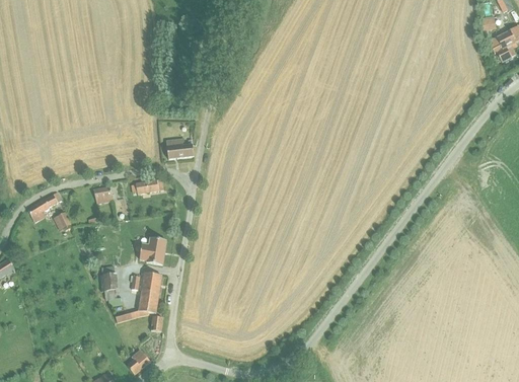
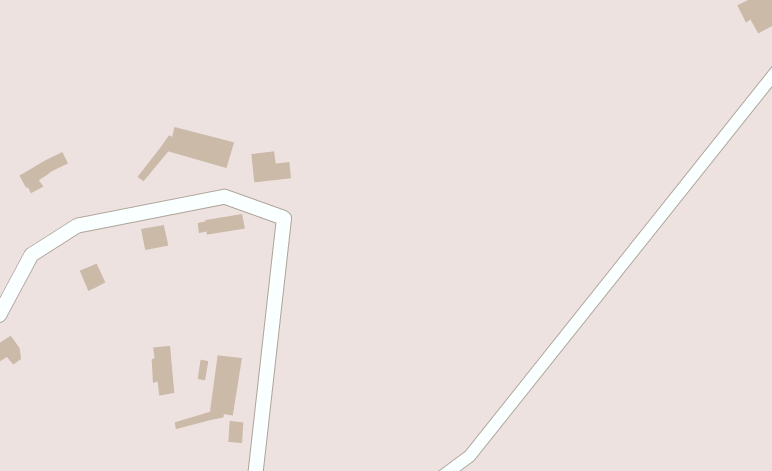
building: none -> [137,126,235,182]
building: [27,192,61,220] -> [18,151,69,194]
building: [139,236,166,263] -> none

